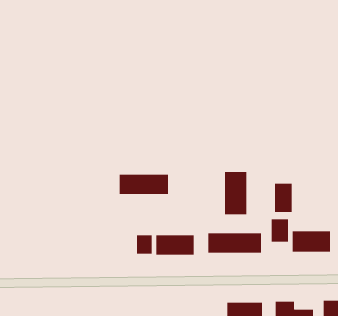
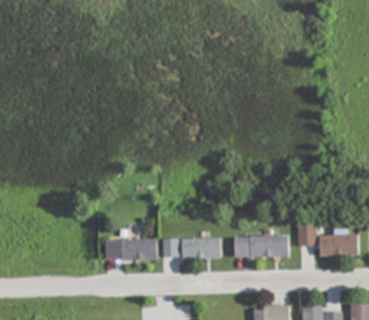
building: [224,171,247,215] -> none
building: [119,174,169,195] -> [106,239,157,260]
building: [274,183,292,213] -> none

